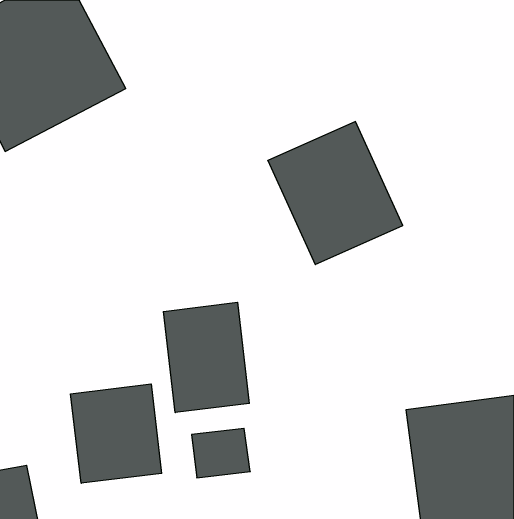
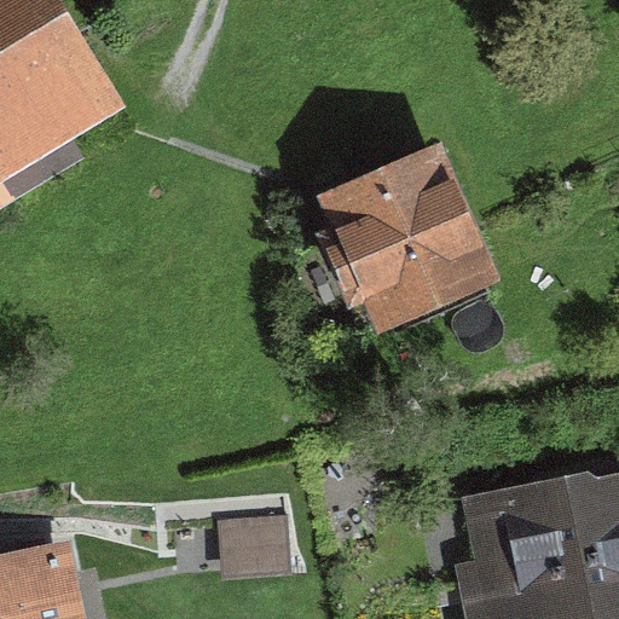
building: [163,302,249,413] -> none
building: [71,384,162,483] -> none

